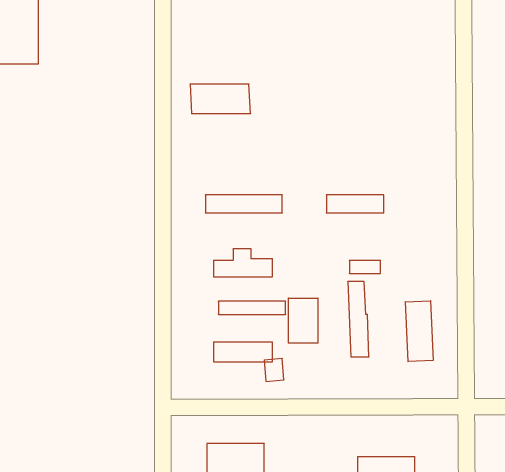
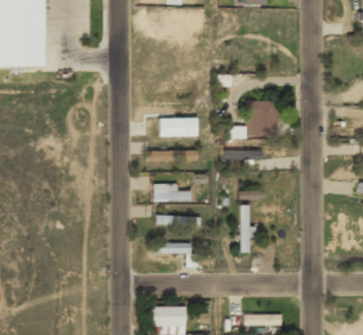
building: [190,84,251,114] -> [159,118,198,136]
building: none -> [228,100,278,139]
building: [288,298,318,343] -> none
building: [405,301,433,362] -> none

